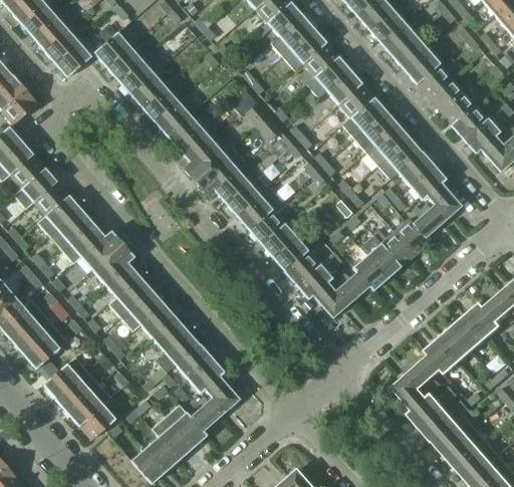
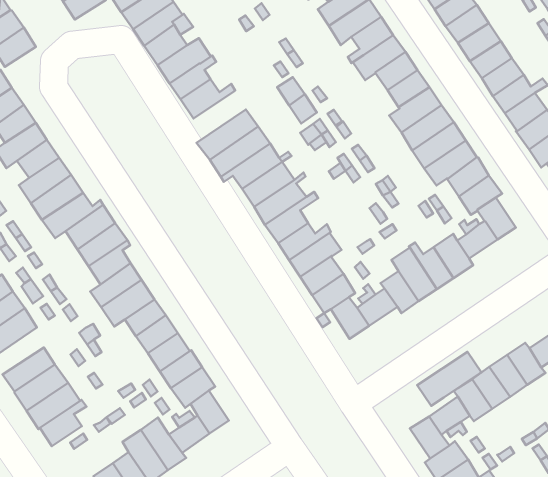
building: [177,120,220,168] -> none
building: none -> [417,352,481,406]

